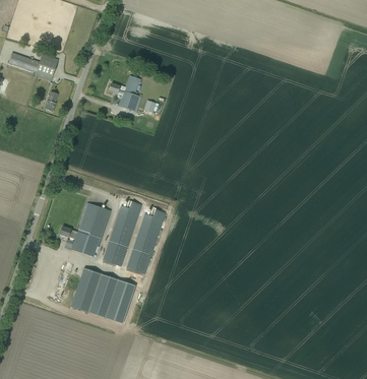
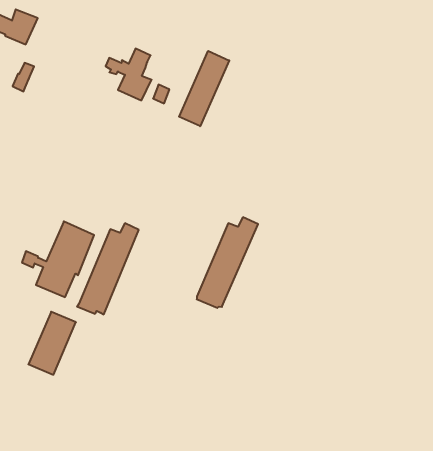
building: none -> [179,51,229,126]
building: [126,207,166,273] -> [197,217,258,308]
building: [88,272,135,322] -> none

